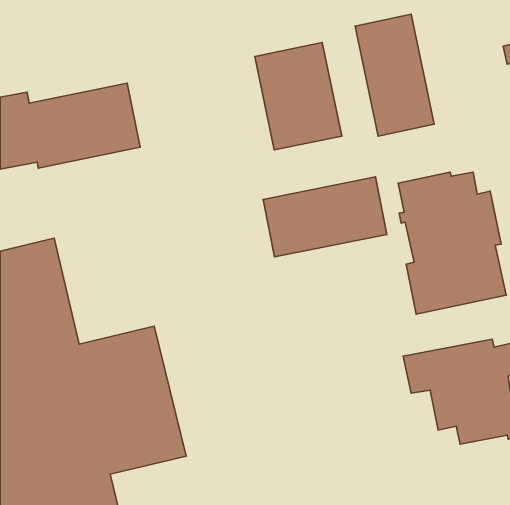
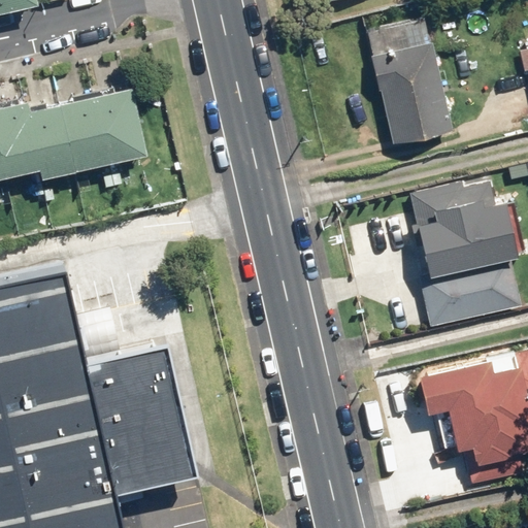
building: [255,43,342,150] -> none
building: [263,177,387,257] -> none

